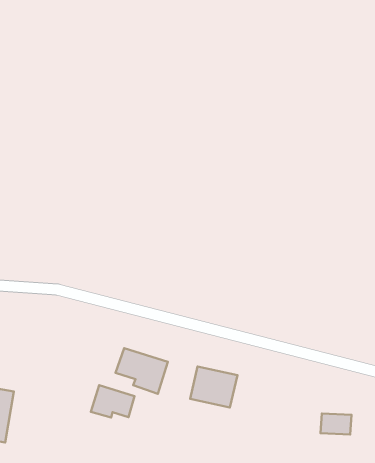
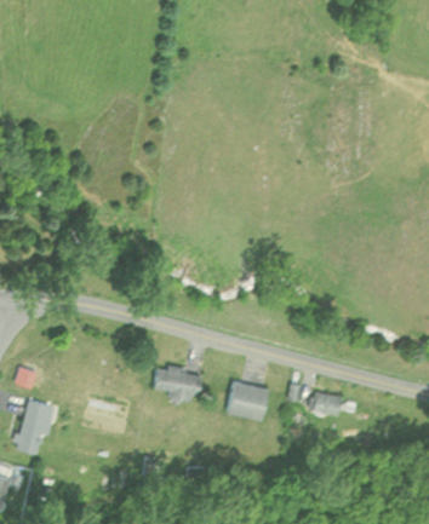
building: [91,385,134,417] -> none
building: [321,413,352,435] -> [313,392,343,413]

